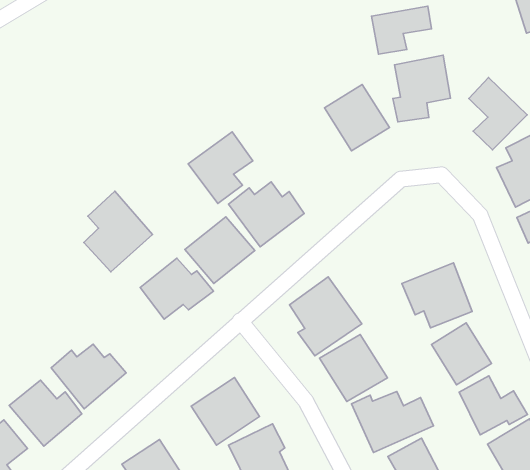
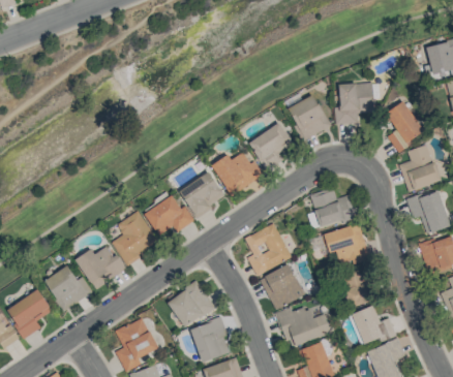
building: [371,6,431,54] -> none
building: [188,132,253,204] -> [248,123,293,170]
building: [84,191,153,272] -> [111,210,158,264]
building: none -> [308,187,357,229]

